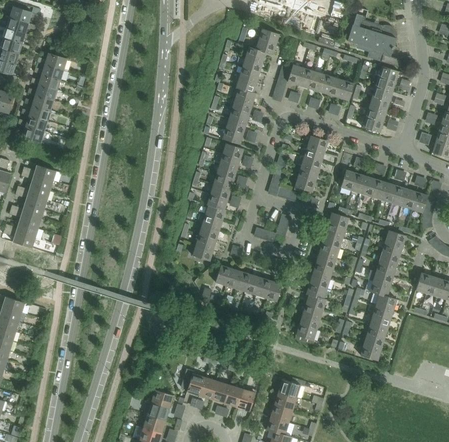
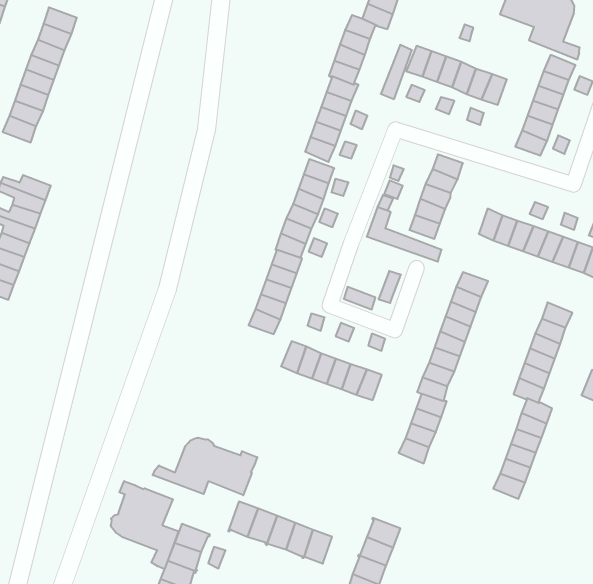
building: none -> [153,438,257,495]
building: none -> [111,481,178,569]

